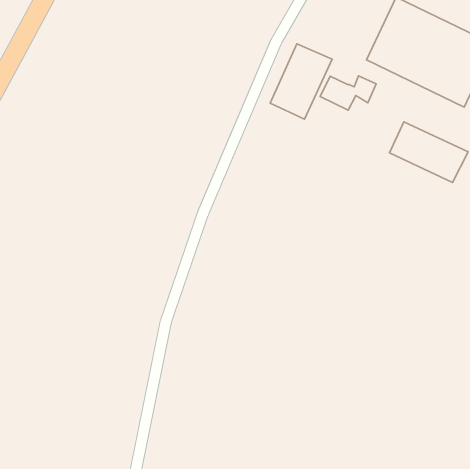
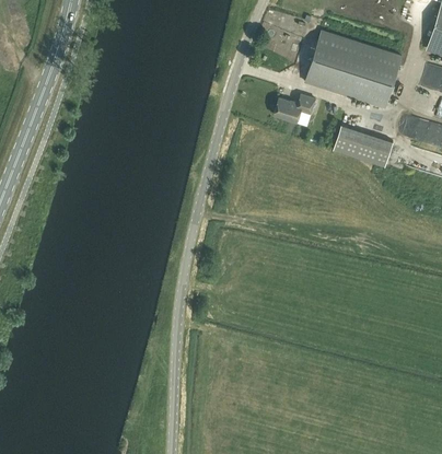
building: [270,44,332,119] -> none

